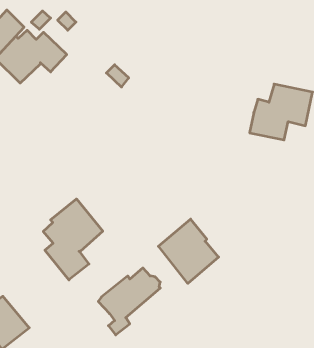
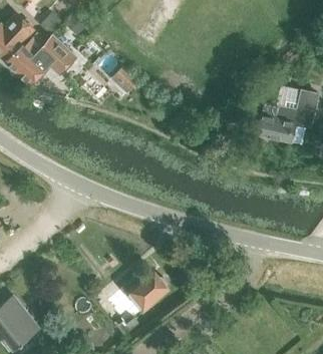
building: [43,199,103,280] -> none
building: [158,219,219,283] -> none

